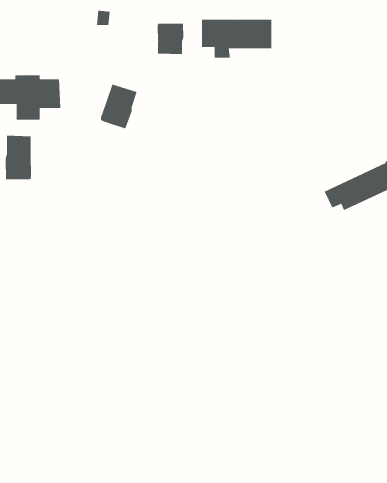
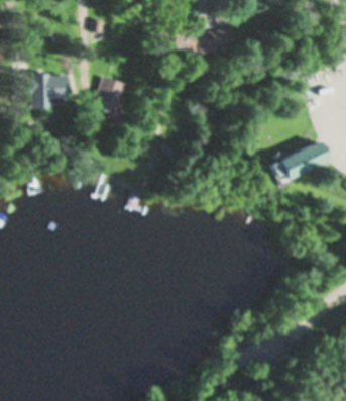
building: [157,23,184,55] -> none
building: [5,135,31,180] -> none

